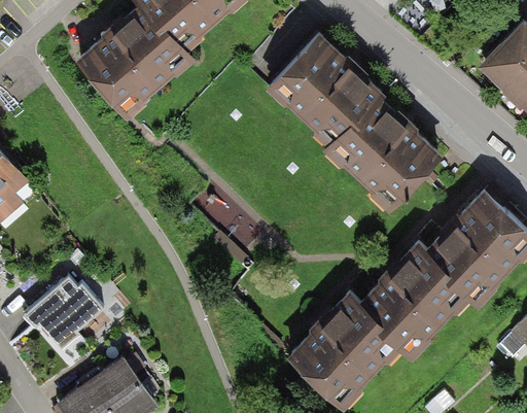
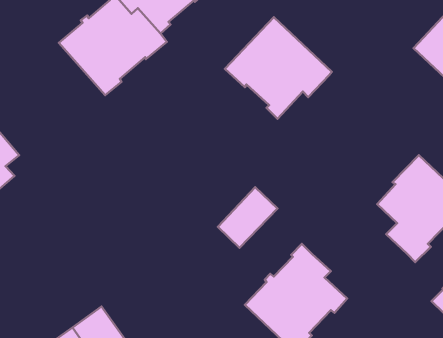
building: [319,94,443,211] -> none
building: none -> [218,187,278,248]
building: [362,237,470,357] -> none
building: [23,277,104,355] -> none

